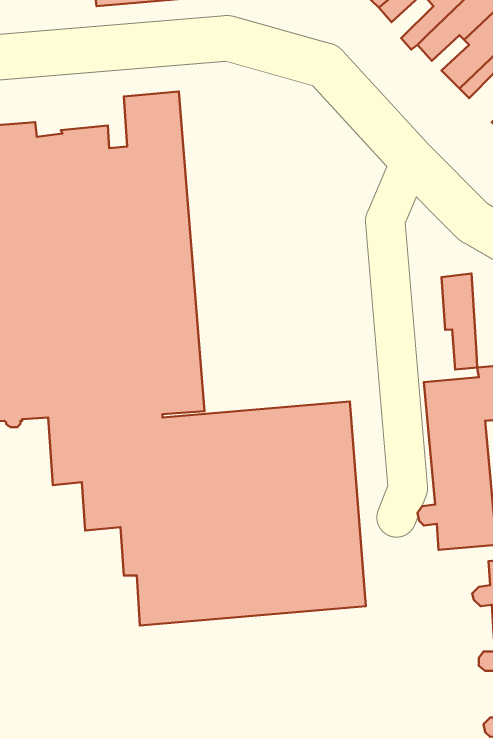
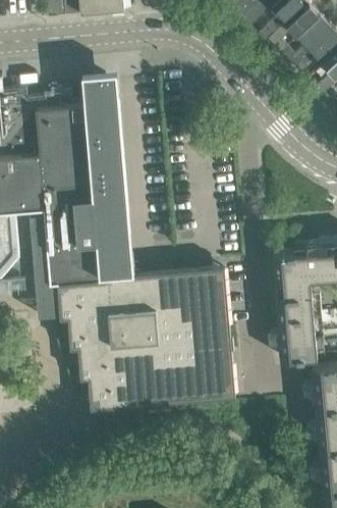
building: [442,273,477,370] -> none

